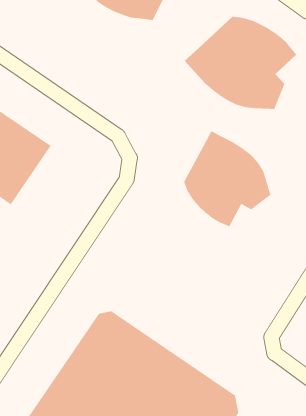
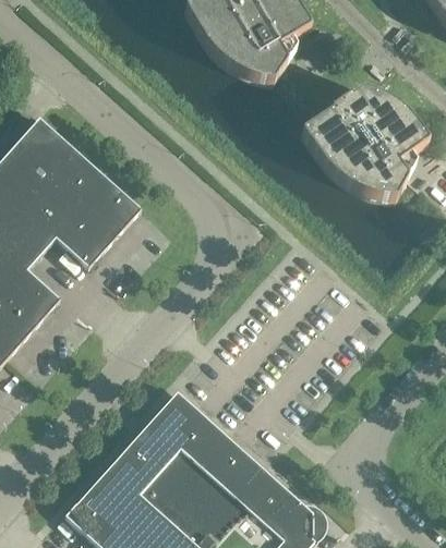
building: [183,130,271,227] -> none

